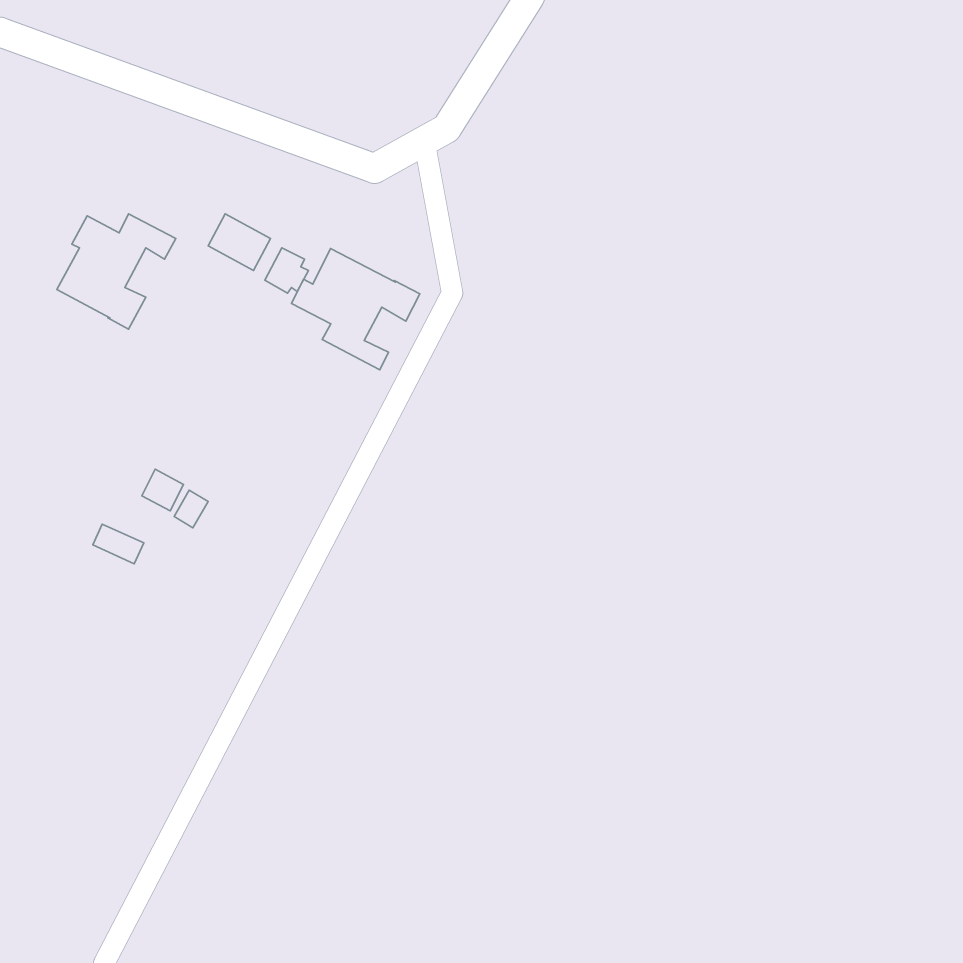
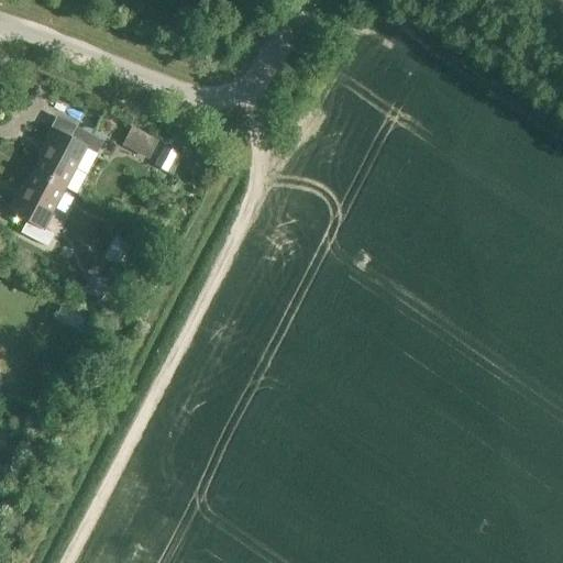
building: [291,248,420,370] -> none
building: none -> [10,168,66,244]

